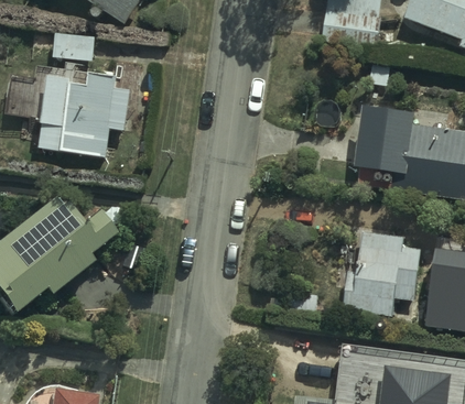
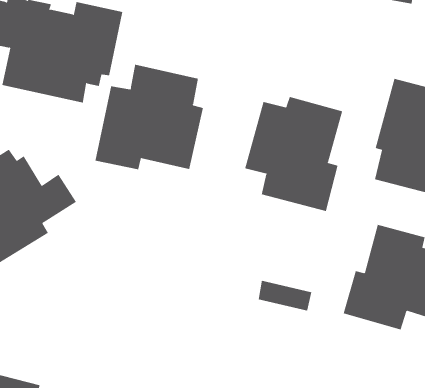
building: none -> [95,64,203,170]
building: none -> [244,96,343,212]

